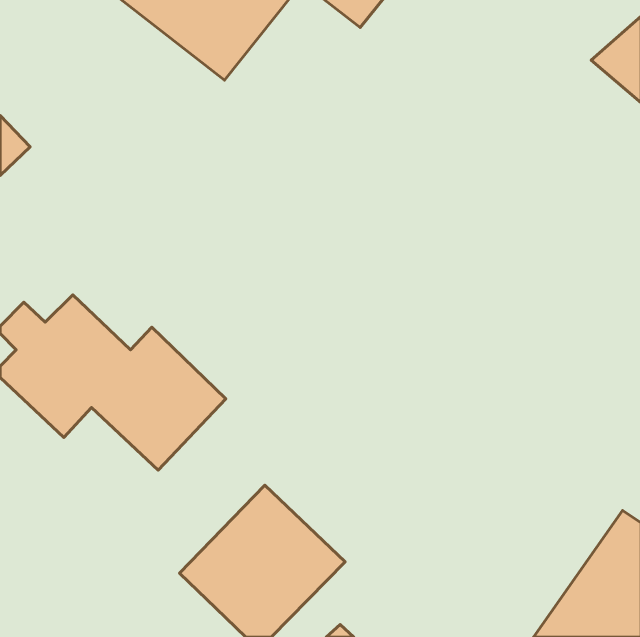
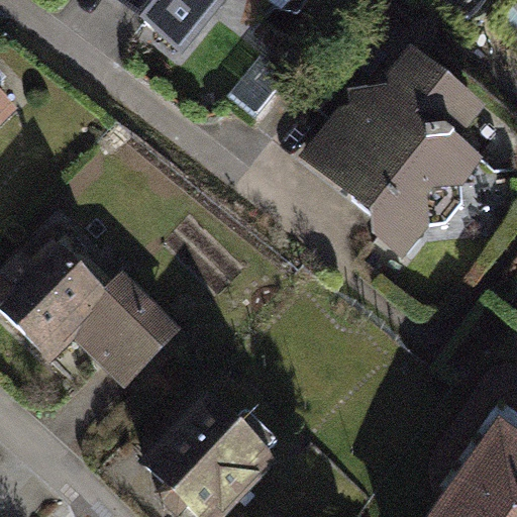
building: none -> [303,54,486,266]

